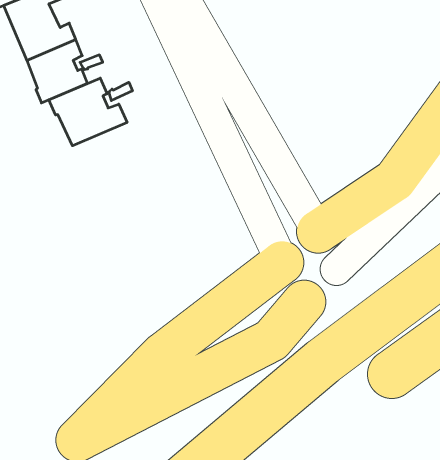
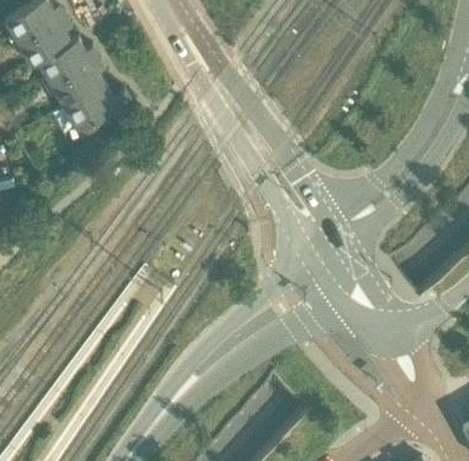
building: [49,78,132,146] -> none

